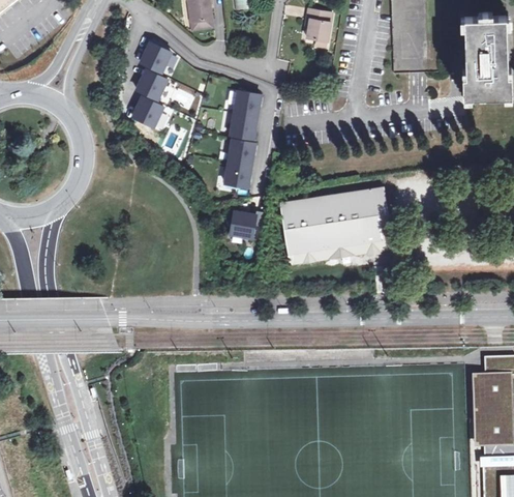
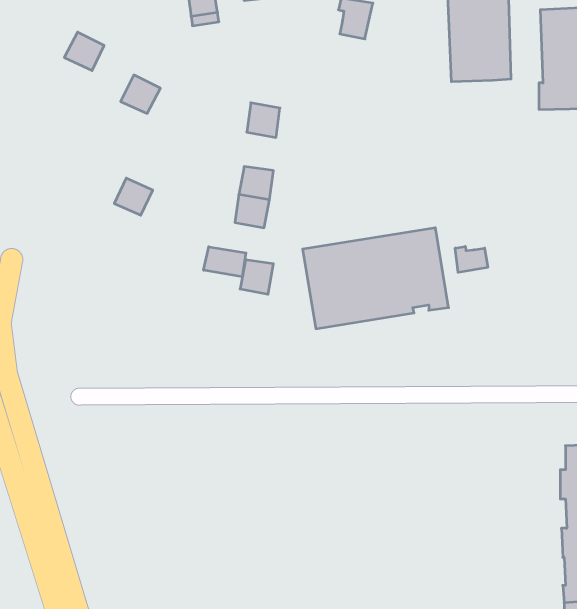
building: [141,40,172,70] -> [64,32,104,71]
building: [133,95,163,124] -> [114,178,153,215]
building: [231,112,258,138] -> none
building: none -> [455,246,488,272]
building: none -> [204,247,246,277]

